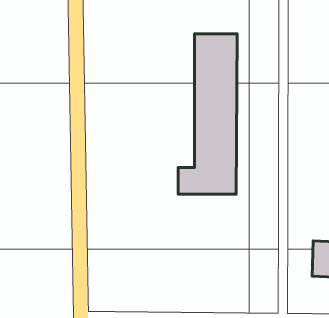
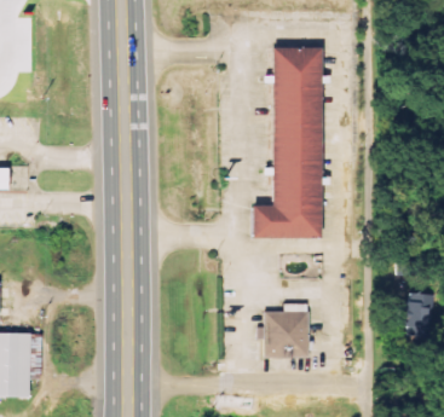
building: none -> [264,312,312,355]

